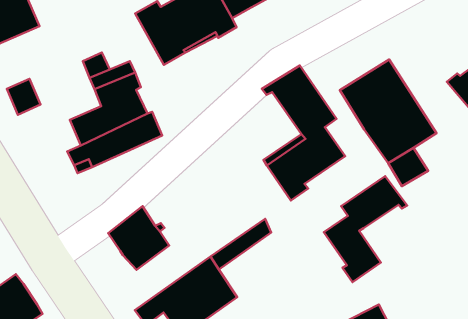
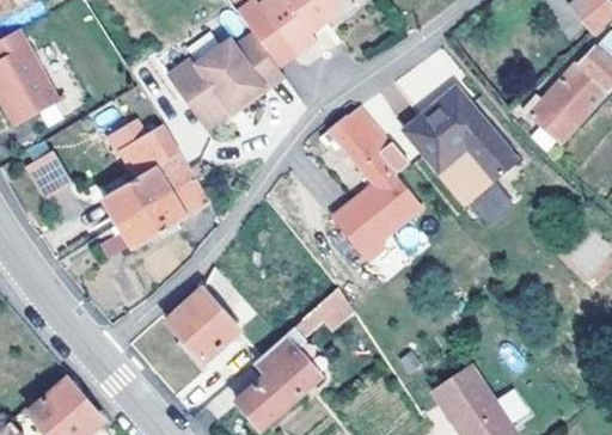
building: [324,176,407,282] -> none

